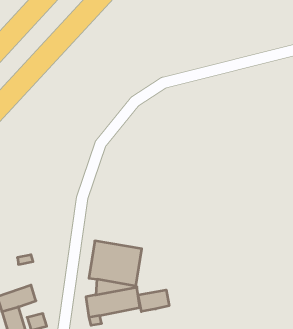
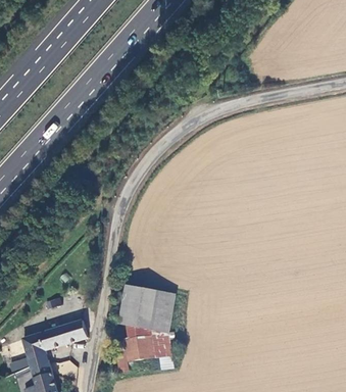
building: none -> [58,322,87,346]
building: [138,290,169,312] -> none

